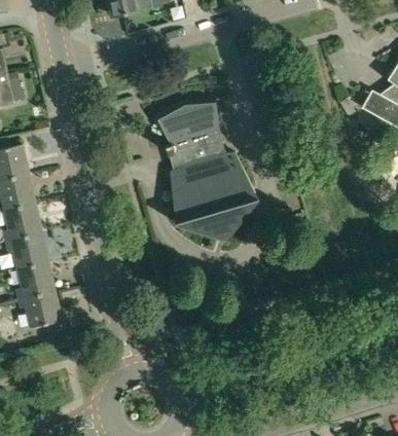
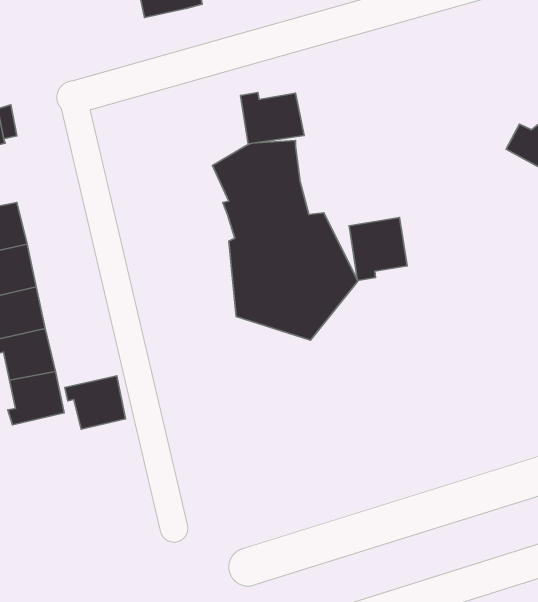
building: none -> [241,93,304,144]
building: none -> [349,218,407,281]
building: [20,291,62,328] -> [65,376,126,429]

